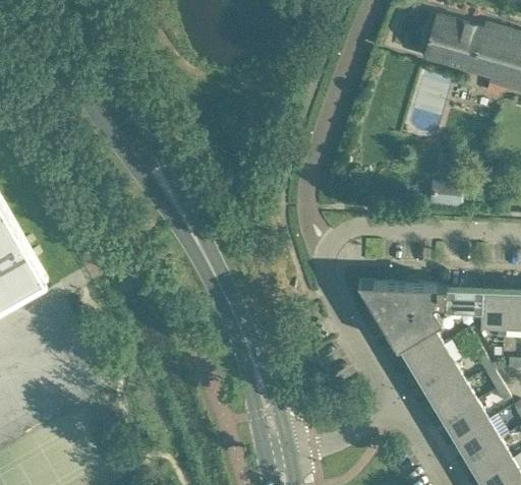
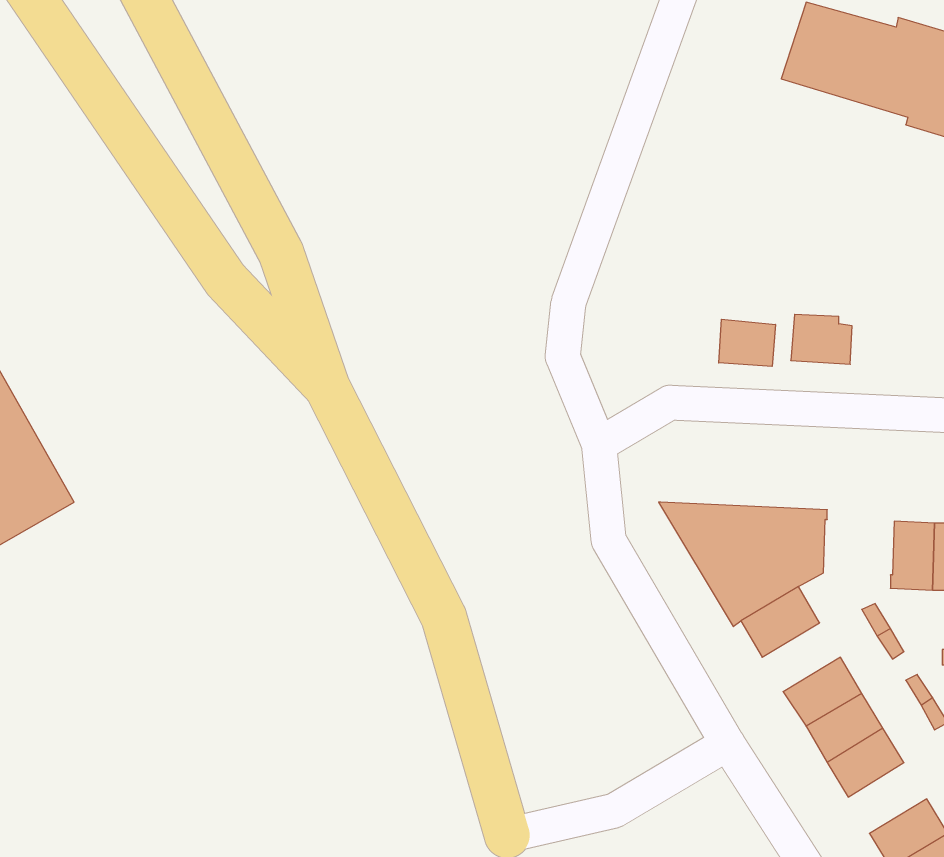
building: none -> [719,319,775,366]
building: [445,292,482,321] -> none
building: [412,347,454,383] -> none
building: [458,421,500,459] -> none

